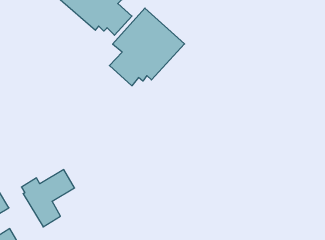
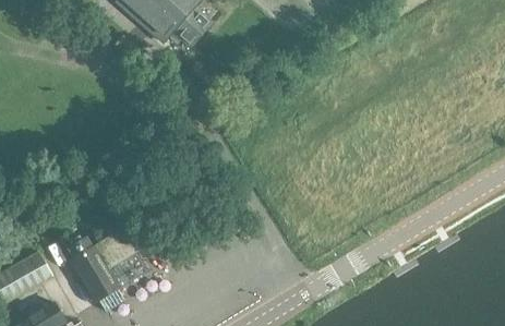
building: [109,8,185,86] -> none

